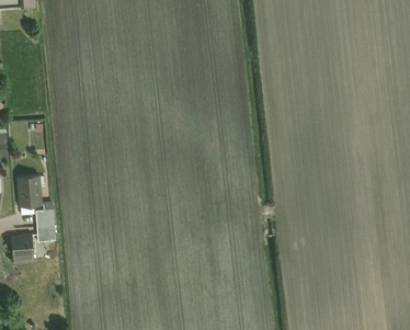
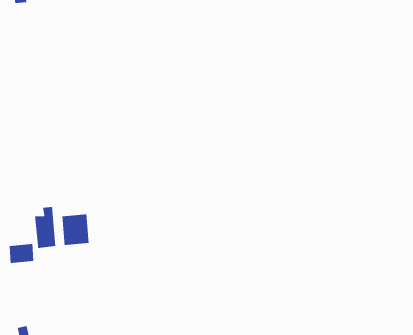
building: [16,175,43,206] -> [62,213,89,246]

